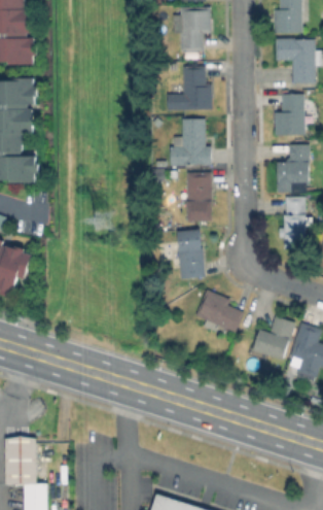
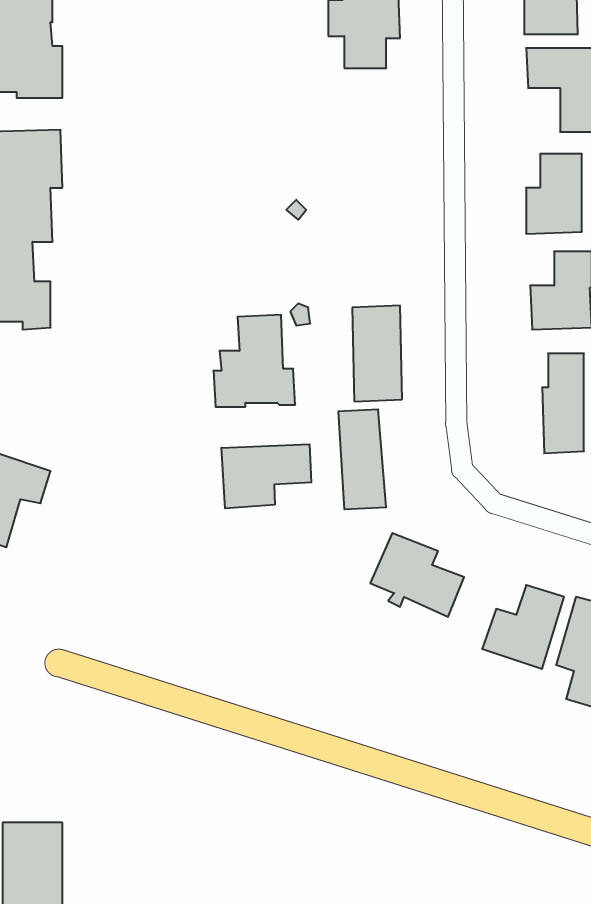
building: [169,68,211,110] -> none
building: [170,118,212,166] -> [213,315,295,407]
building: none -> [221,444,311,508]

